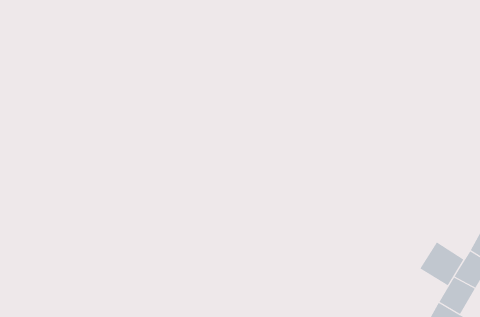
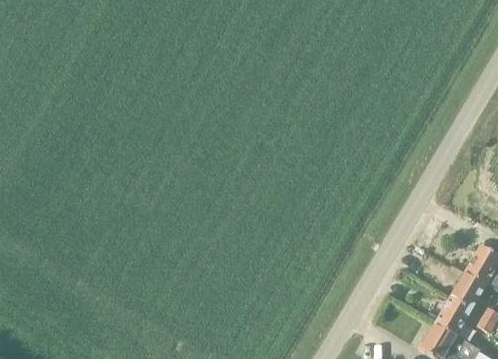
building: [419,241,464,286] -> none

